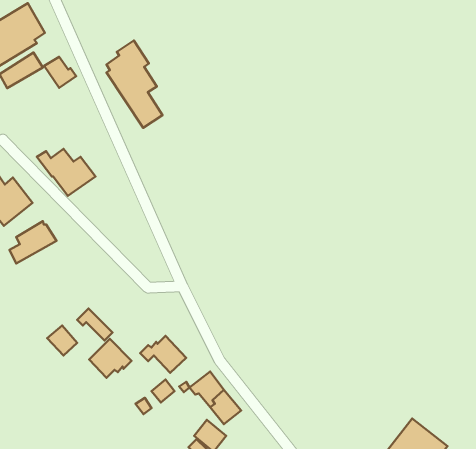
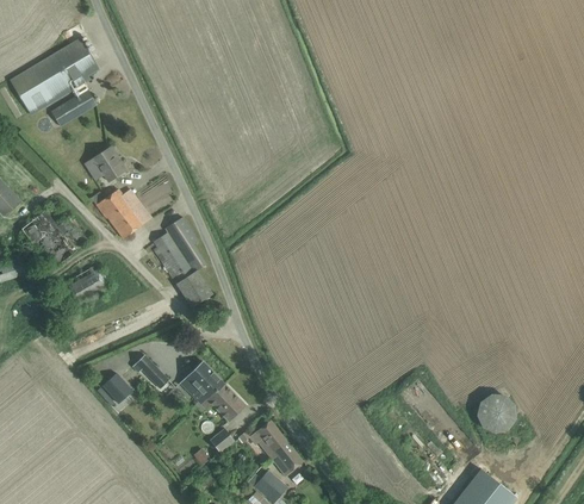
building: [106,40,163,128] -> [154,216,212,306]
building: [44,57,76,88] -> [93,148,126,180]
building: [89,339,132,378] -> [180,360,224,400]
building: none -> [477,393,516,433]

